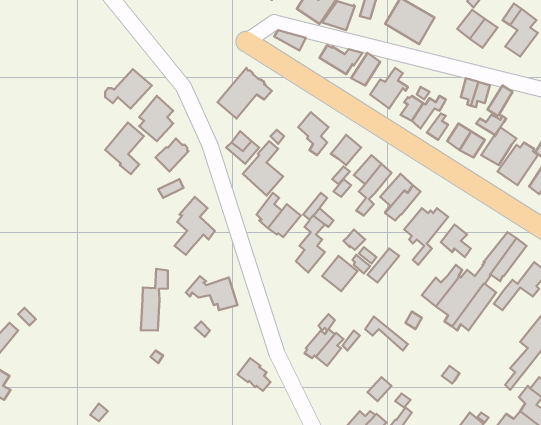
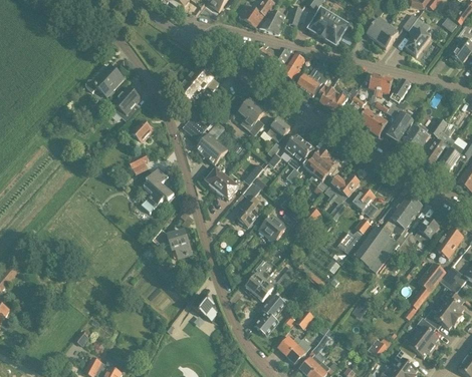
building: [105,123,144,174] -> none
building: [141,269,168,330] -> none
building: none -> [255,296,284,335]

